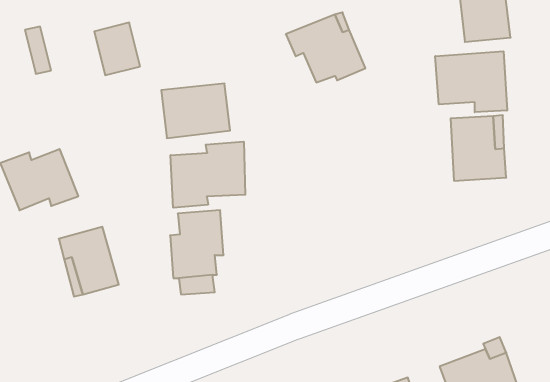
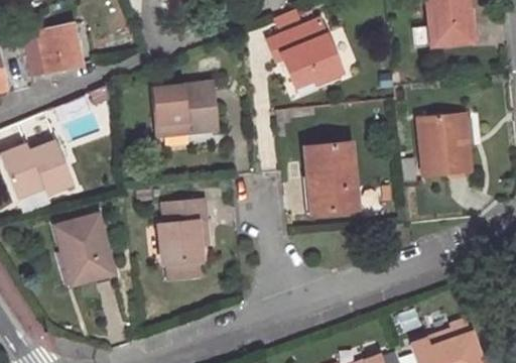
building: [94,23,140,75] -> [40,23,83,72]
building: [435,51,507,112] -> none
building: [171,142,245,208] -> none
building: none -> [306,144,360,216]

